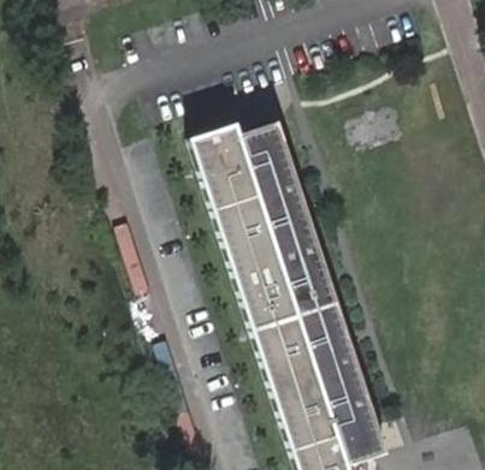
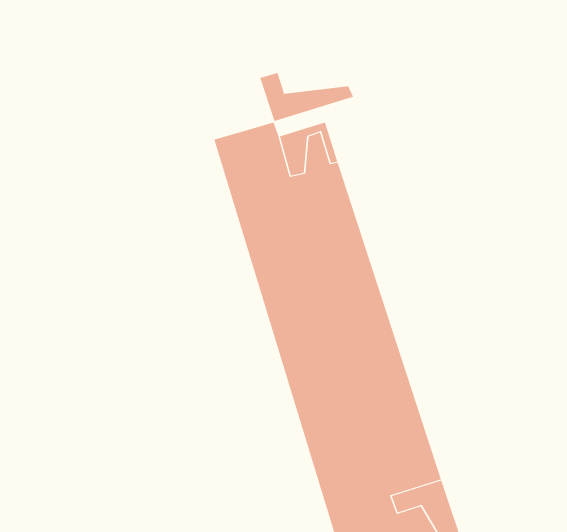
building: none -> [259,72,354,122]

